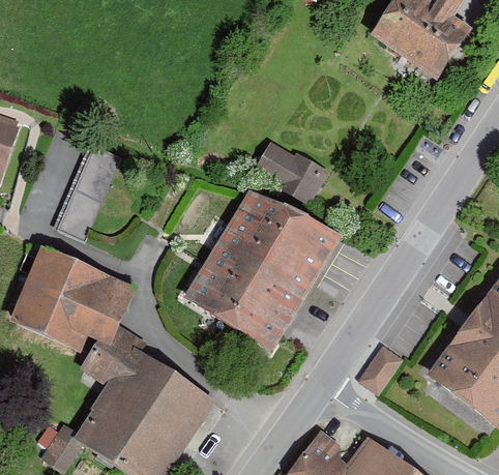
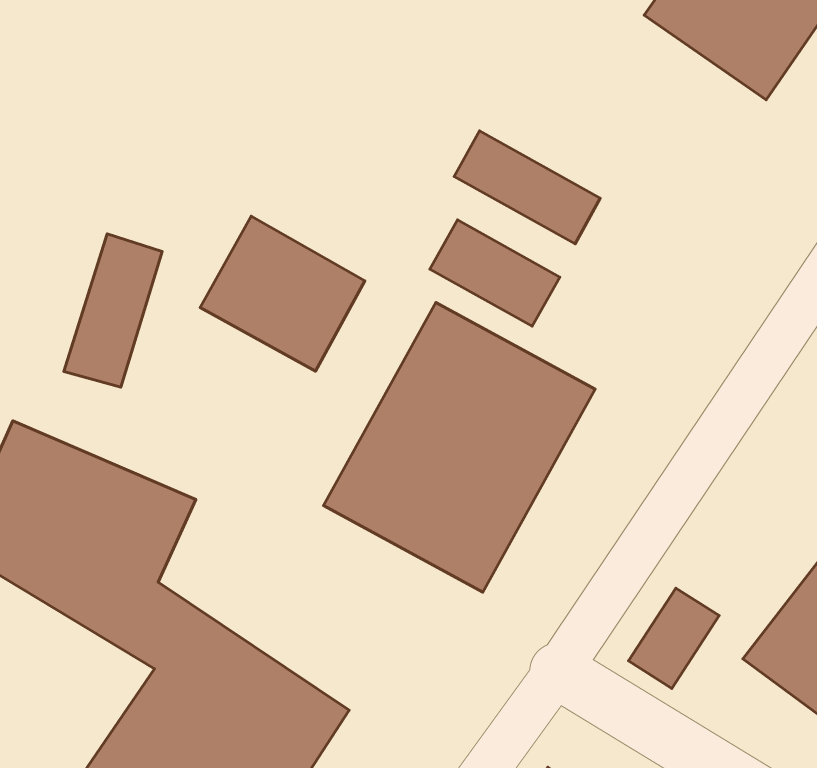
building: none -> [454,131,600,244]
building: none -> [200,216,365,371]

